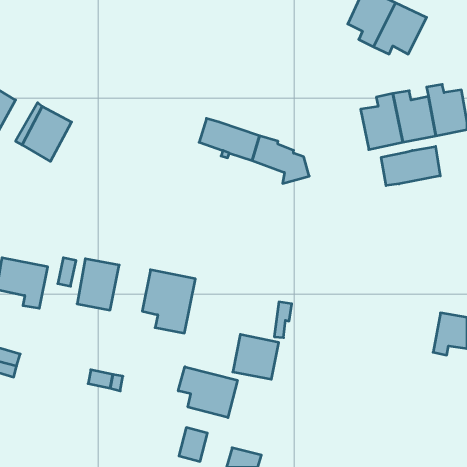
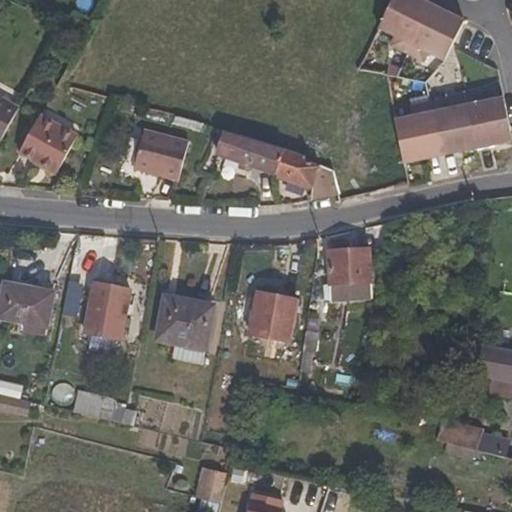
building: none -> [133,128,188,181]
building: [381,146,440,186] -> none
building: none -> [327,249,369,299]
building: [233,334,279,379] -> [247,291,297,340]
building: [178,367,237,418] -> none
building: none -> [435,420,504,455]

